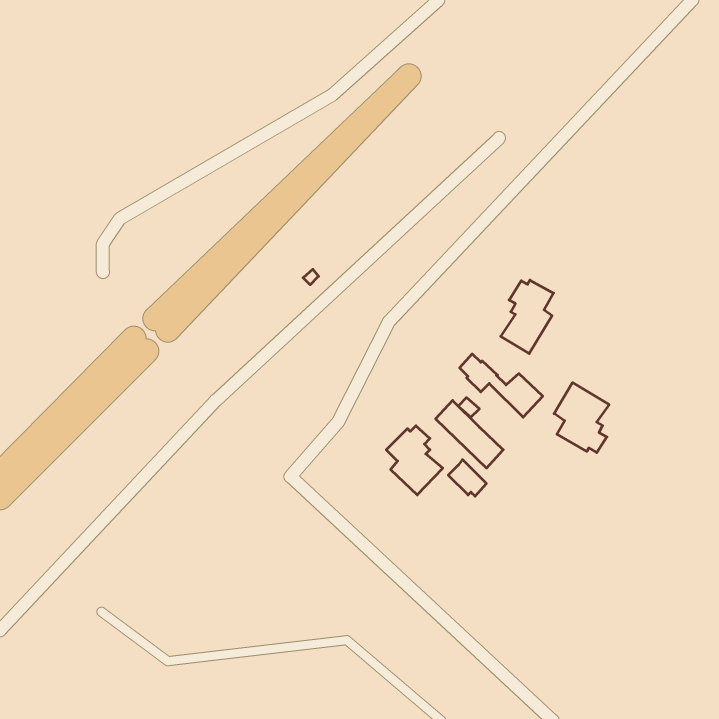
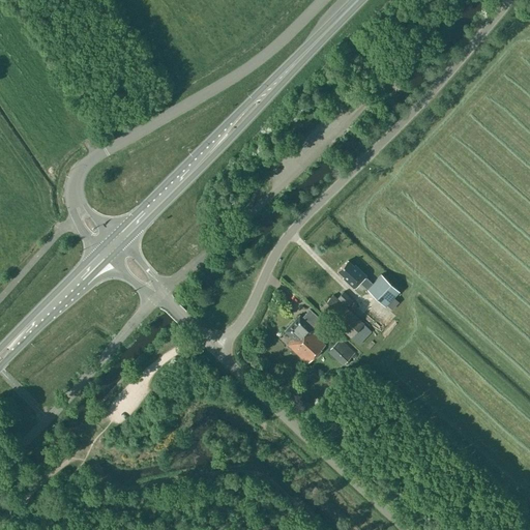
building: [501,280,554,354] -> none
building: [554,383,609,453] -> none

